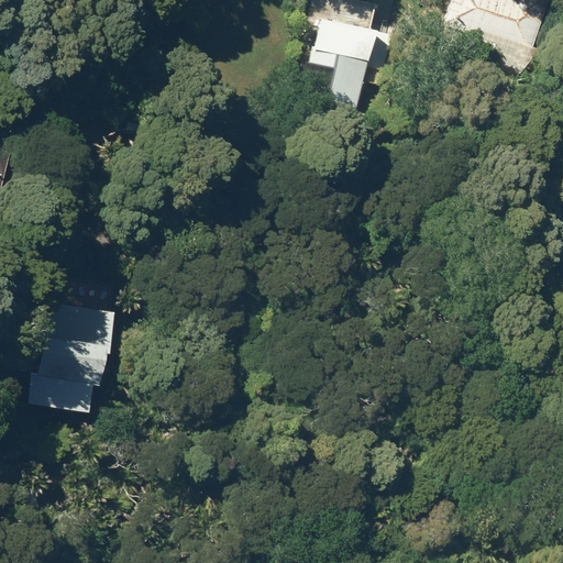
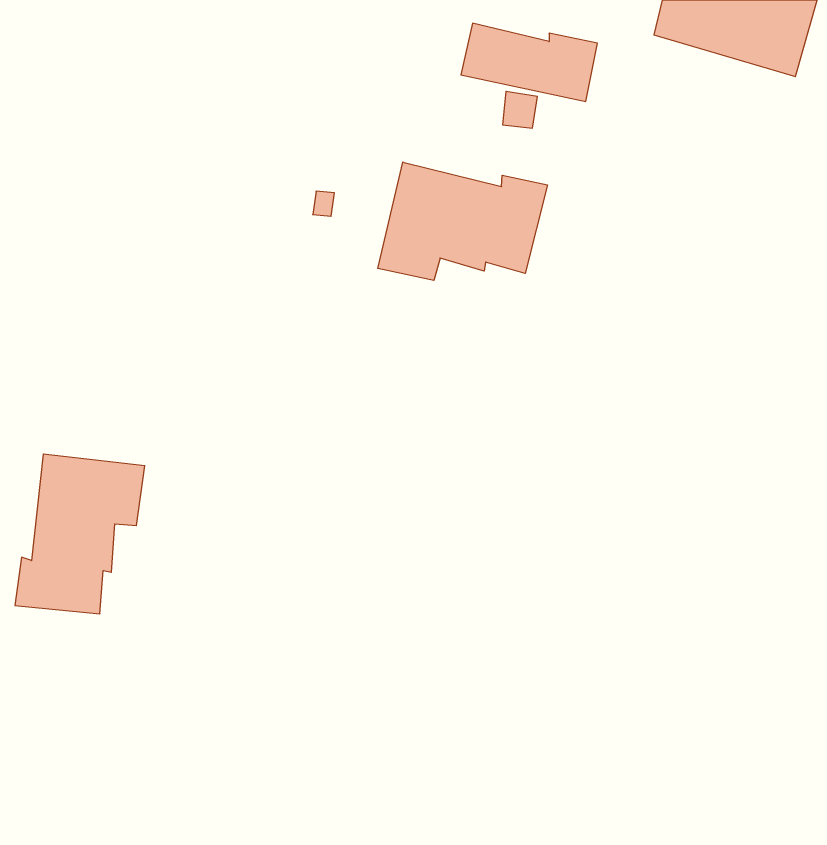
building: none -> [378,162,547,280]

